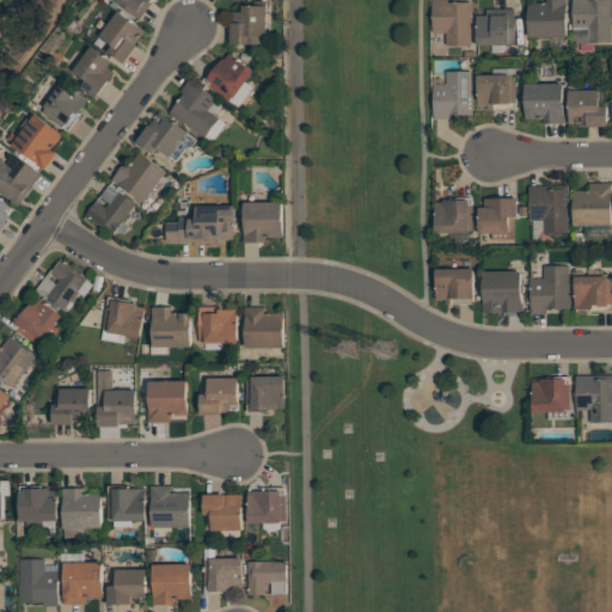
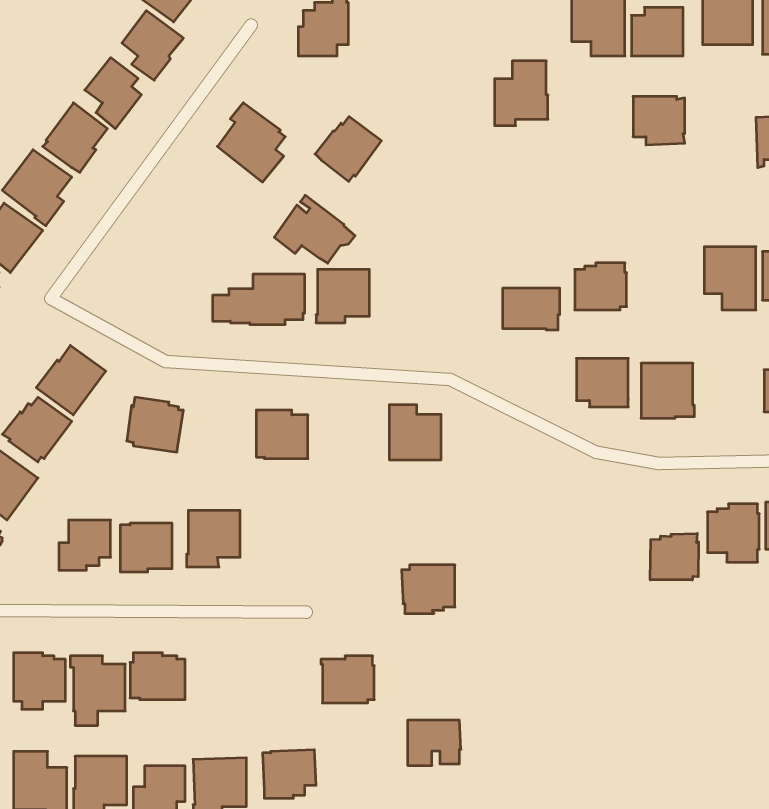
building: [202,54,251,102] -> [315,117,381,181]
building: [432,72,471,120] -> [495,61,548,126]
building: [522,84,563,124] -> none
building: [135,111,195,161] -> [274,195,355,263]
building: [110,152,165,203] -> none
building: [84,185,135,235] -> none
building: [477,200,515,240] -> none
building: none -> [503,288,560,330]
building: [528,267,569,314] -> none
building: [151,307,190,353] -> none
building: [244,307,282,348] -> [389,405,441,460]
building: [244,377,283,412] -> [402,565,455,613]
building: [198,379,237,416] -> none
building: none -> [650,533,699,580]
building: [148,486,189,528] -> none
building: [202,495,240,531] -> none
building: [246,562,286,595] -> [408,720,461,765]

